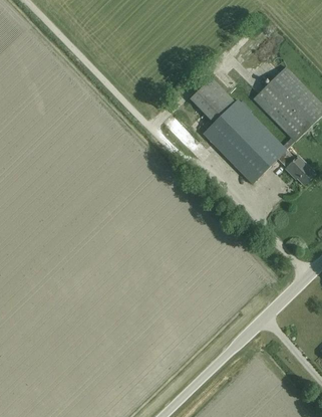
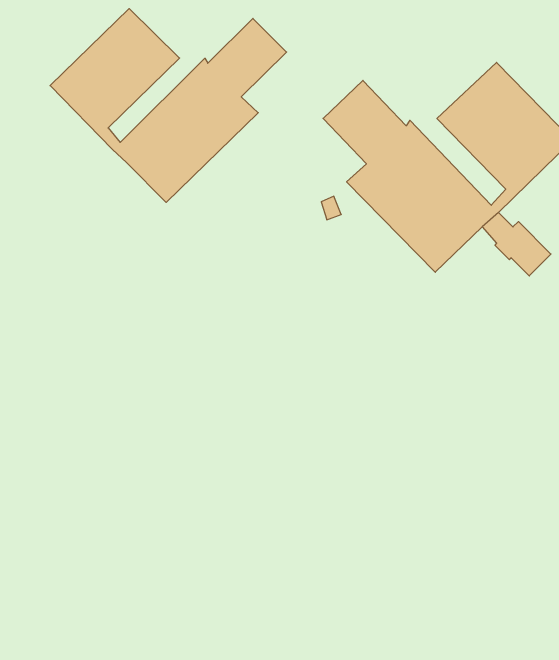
building: none -> [50,9,287,202]

